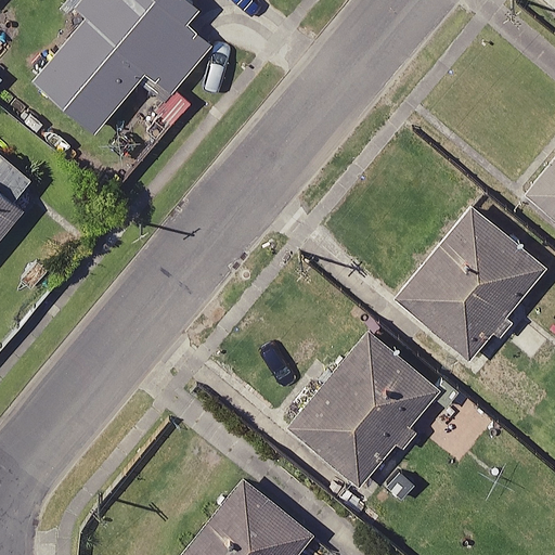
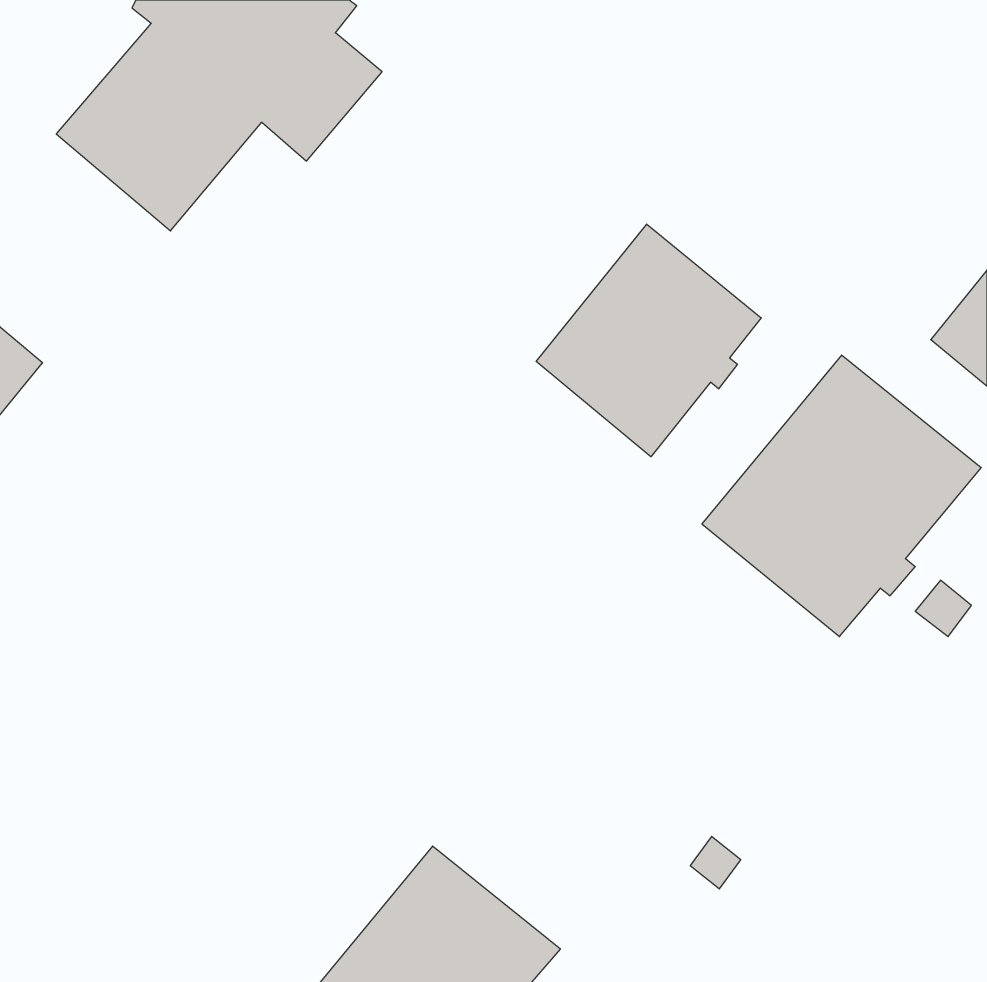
building: none -> [536,224,761,457]
building: [287,332,440,488] -> none

